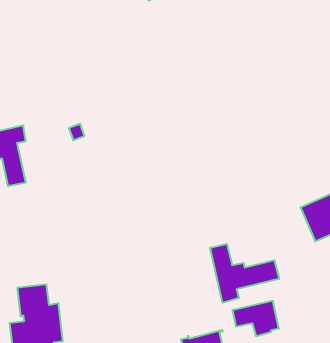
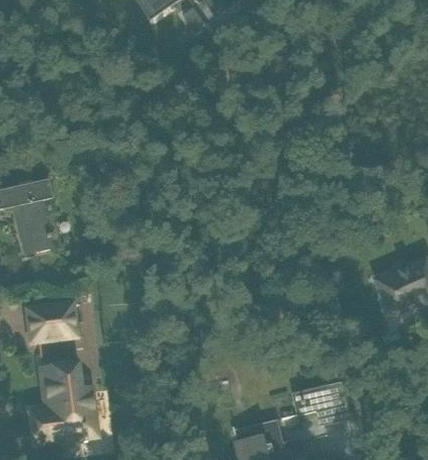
building: none -> [26,302,82,340]
building: [210,244,279,303] -> none

